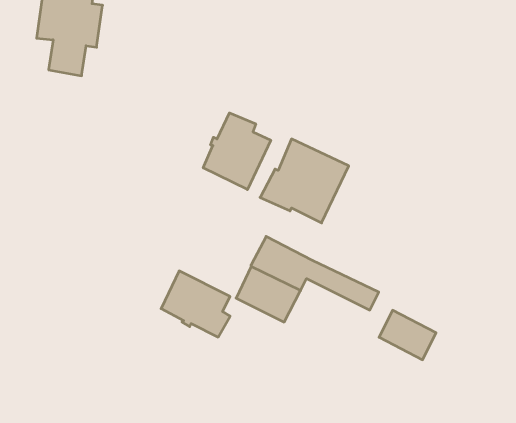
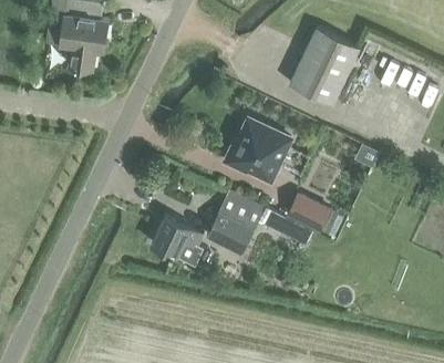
building: none -> [289,28,360,106]
building: [203,113,271,190] -> none
building: [379,310,436,360] -> [288,195,330,231]

